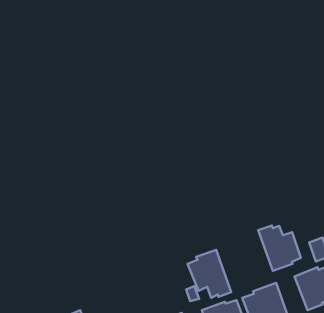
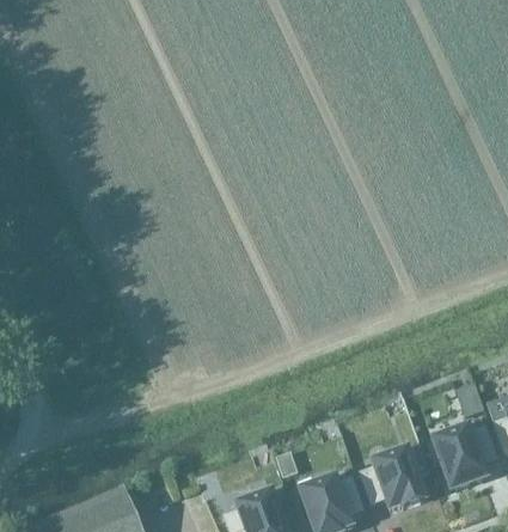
building: [258,225,301,271] -> none
building: [188,250,231,298] -> none

